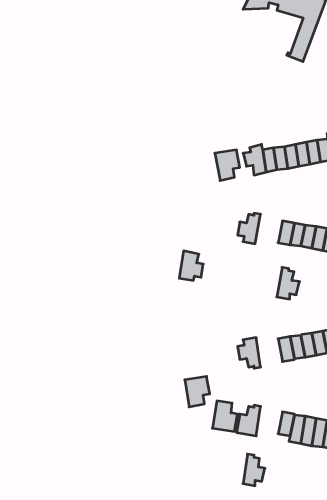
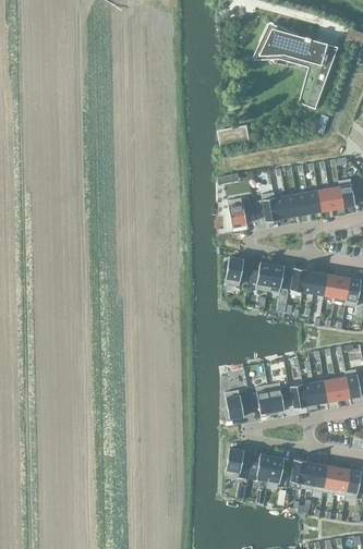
building: [179,251,203,280] -> [225,256,249,285]
building: [277,267,300,299] -> [267,261,290,293]
building: none -> [268,382,290,414]
building: [185,376,210,407] -> [225,389,250,419]
building: [243,454,265,486] -> [268,453,290,485]

